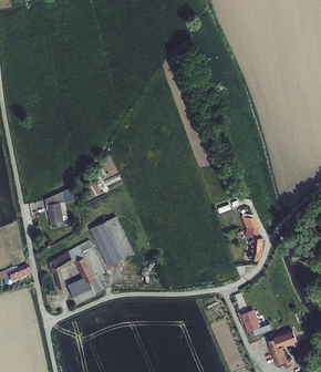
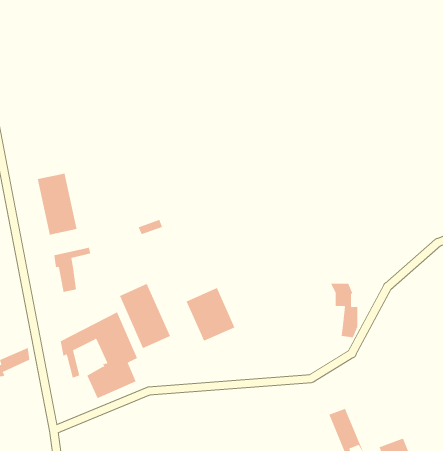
building: none -> [37,173,77,235]
building: none -> [186,287,235,341]

